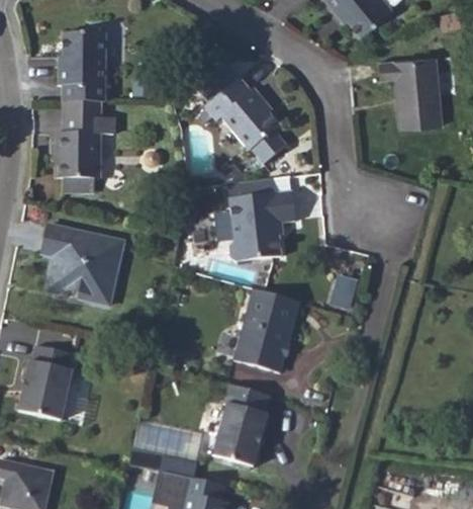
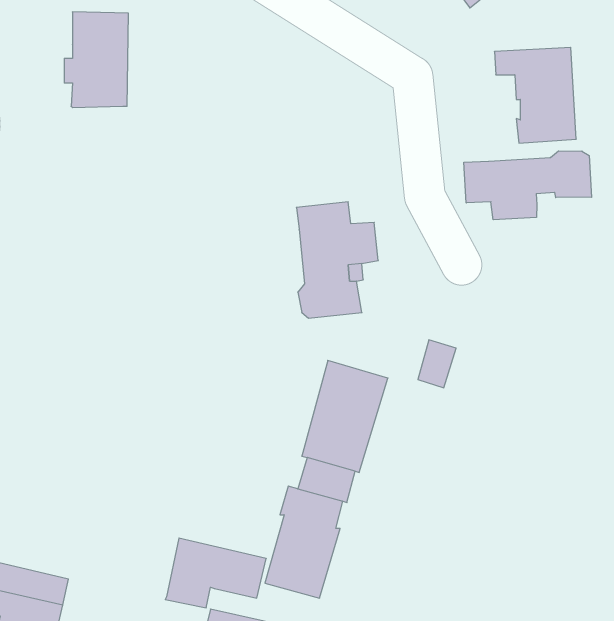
building: [199,70,284,156] -> none
building: [56,103,114,179] -> none
building: none -> [464,151,592,220]
building: [43,227,124,307] -> none
building: [21,345,74,417] -> none

